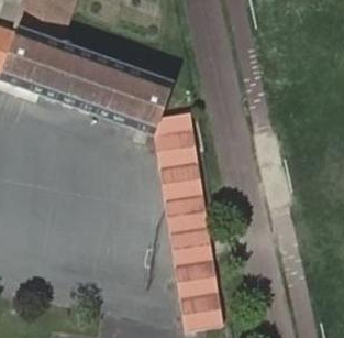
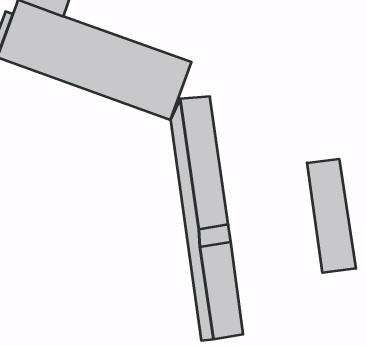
building: none -> [307,159,356,273]

